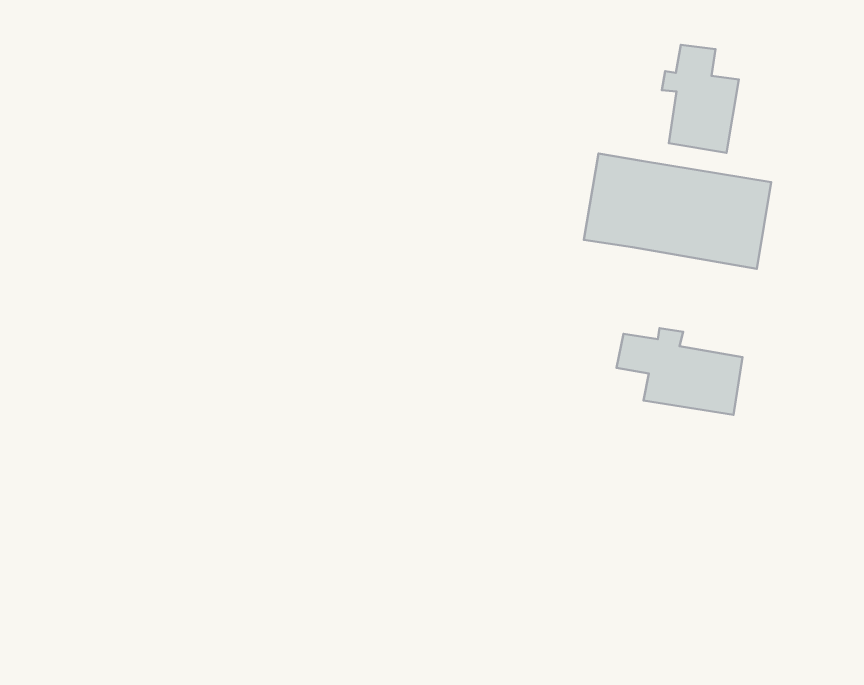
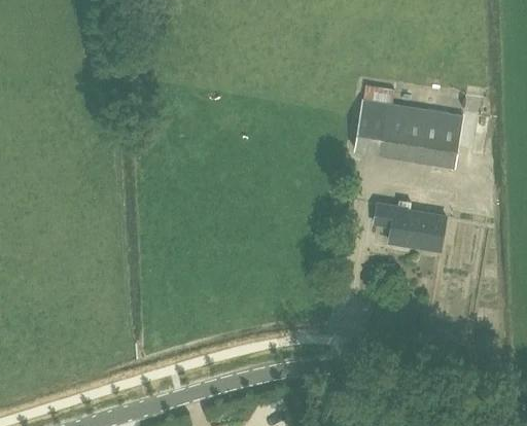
building: [662,45,739,153] -> none

